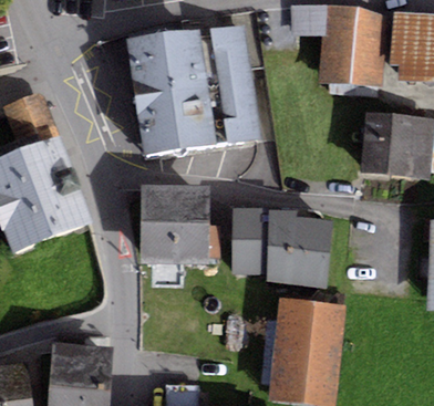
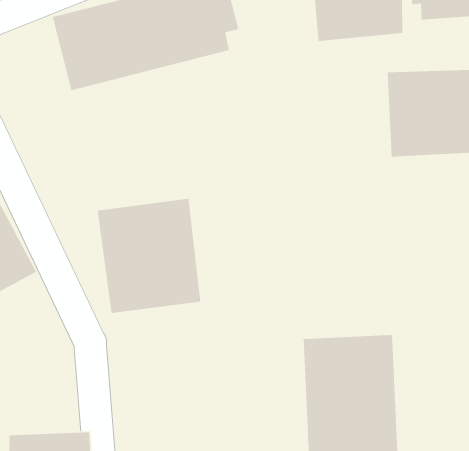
building: [132,81,259,153] -> none
building: [228,207,335,288] -> none

